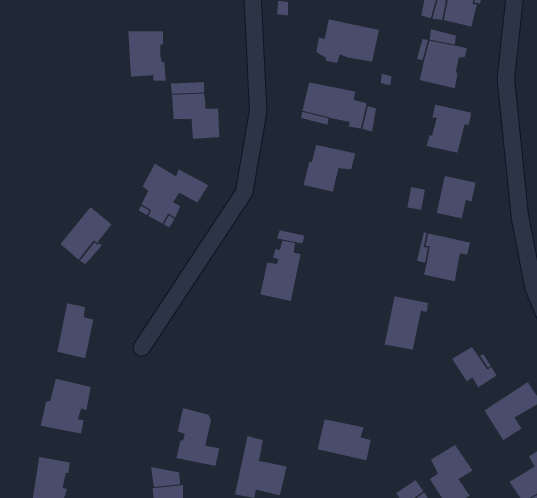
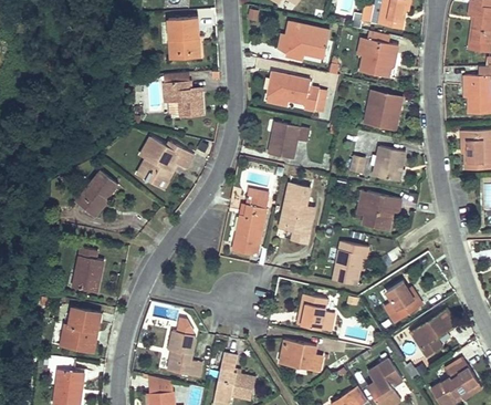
building: [127,31,167,81] -> [168,18,199,58]
building: none -> [281,183,314,242]
building: none -> [300,294,334,331]

